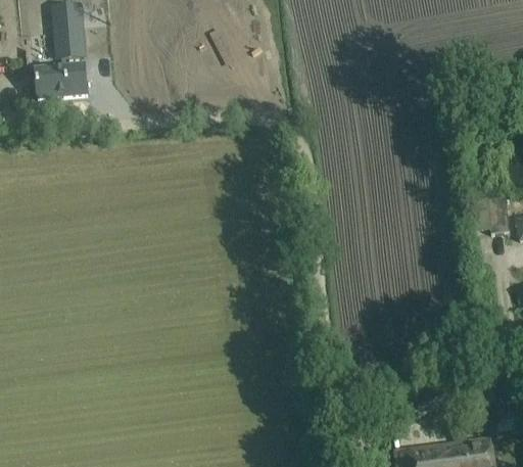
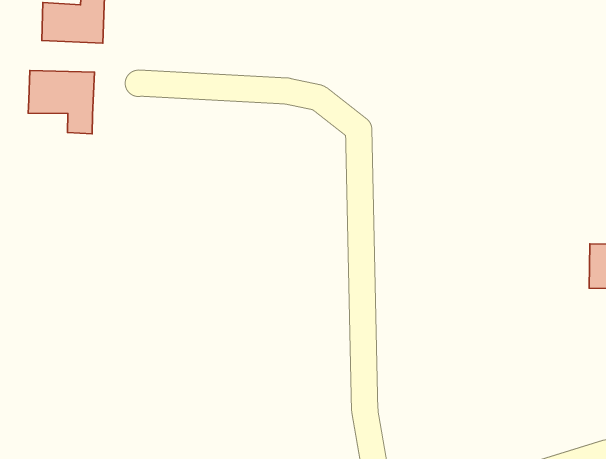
building: none -> [28,71,94,134]

